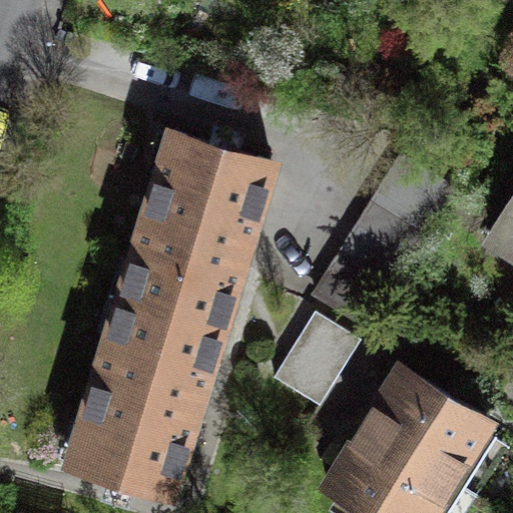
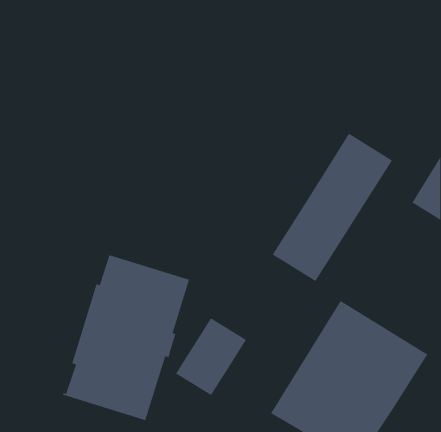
building: [126,139,272,335] -> none
building: [278,322,361,413] -> [175,317,247,396]

